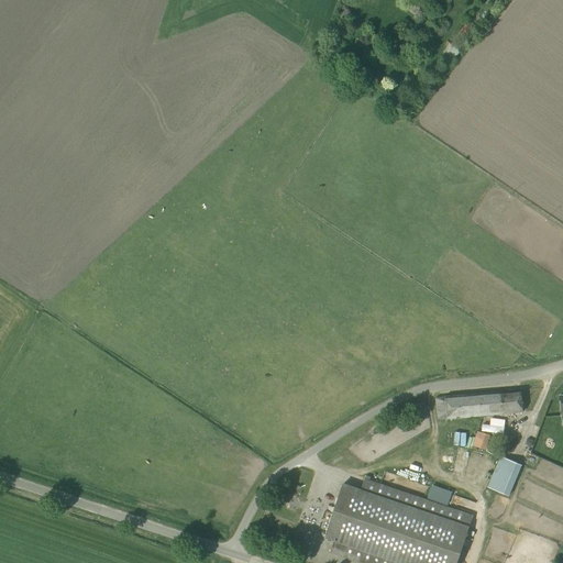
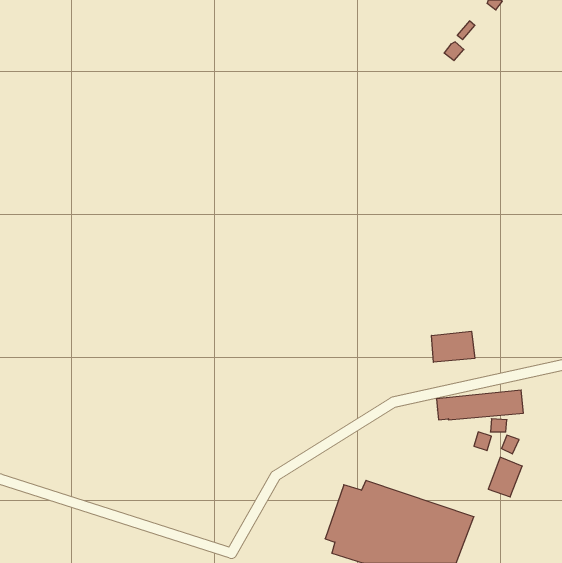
building: none -> [432,331,475,362]

